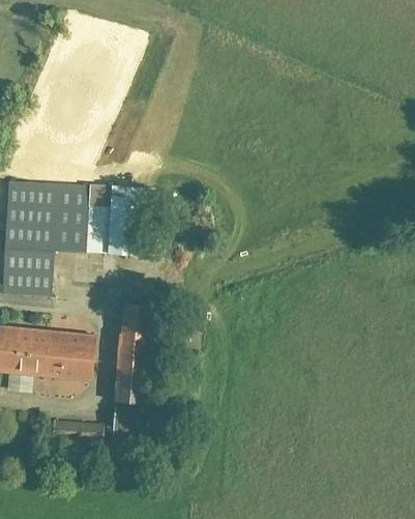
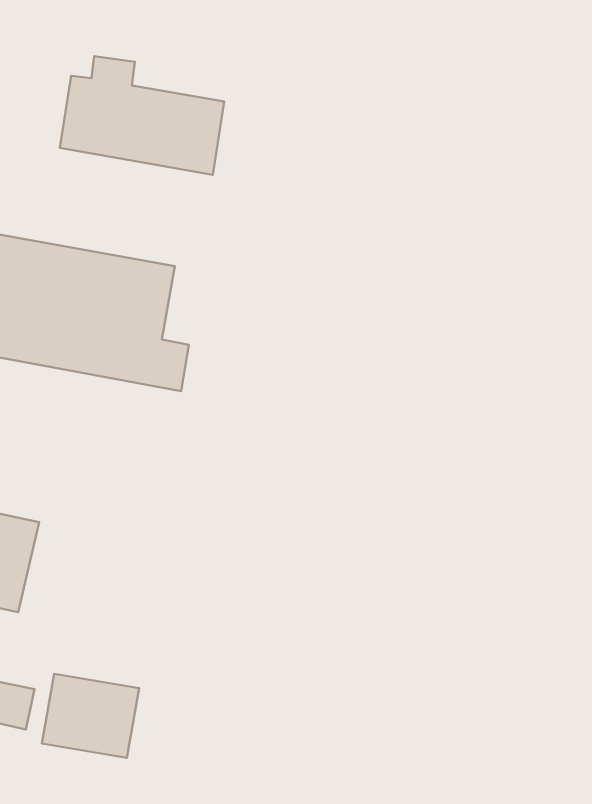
building: none -> [60,56,224,175]
building: [110,305,166,406] -> none

